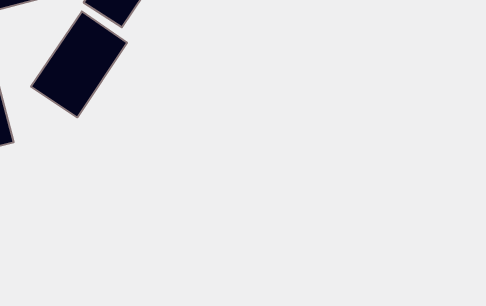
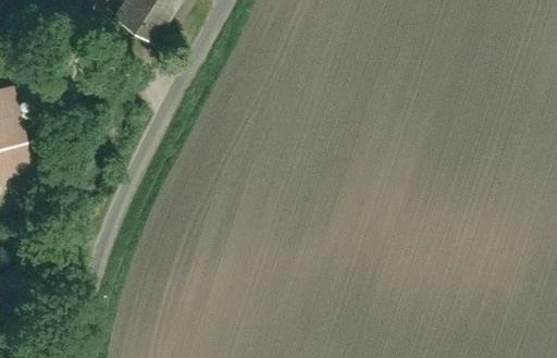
building: [31,11,127,117] -> none

